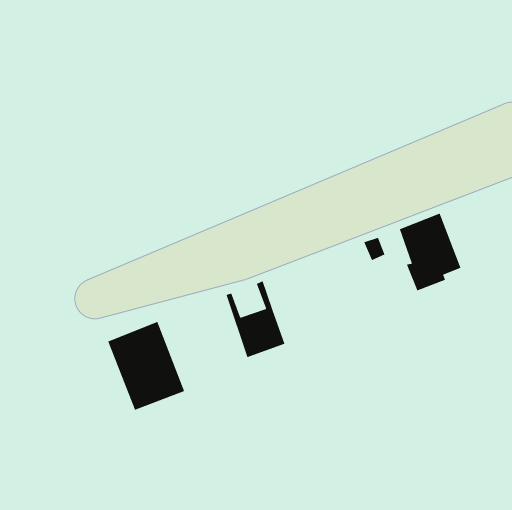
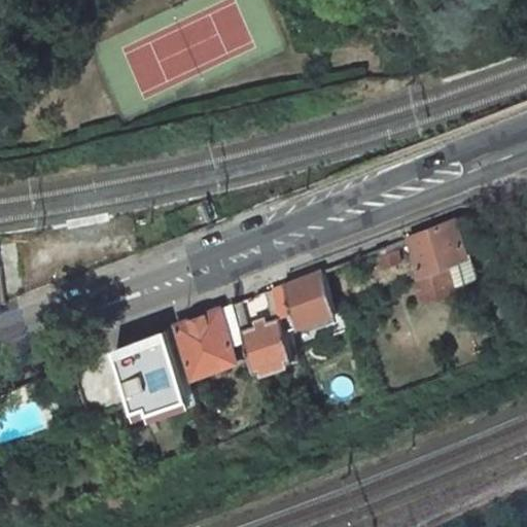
building: none -> [268,274,329,324]
building: none -> [172,308,240,379]

